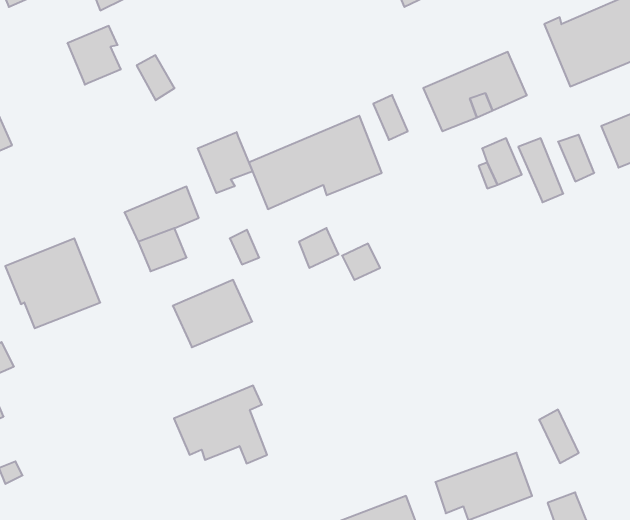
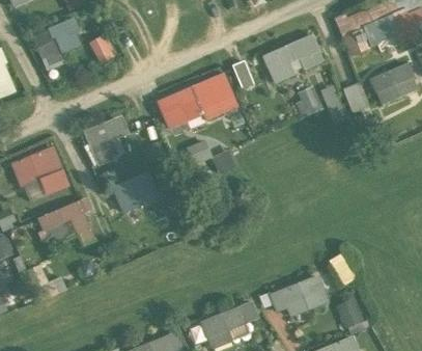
building: none -> [32,29,65,71]
building: [198,132,253,193] -> none
building: [174,386,267,463] -> [38,198,94,245]

